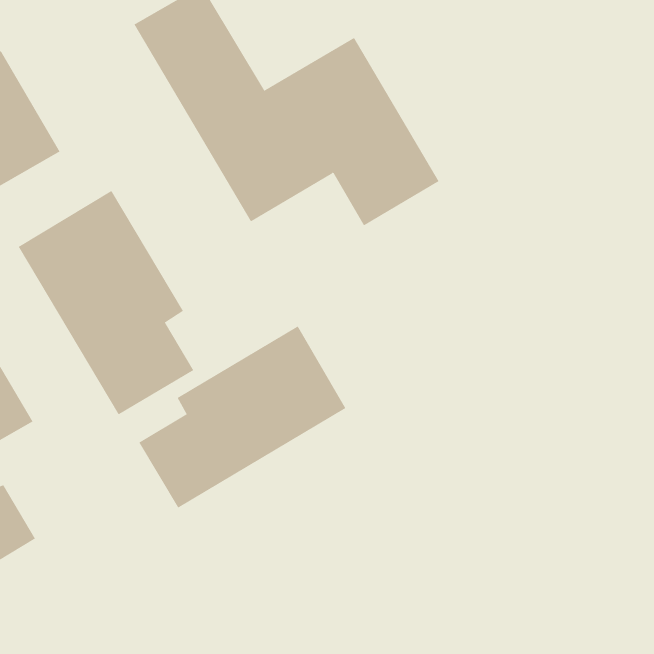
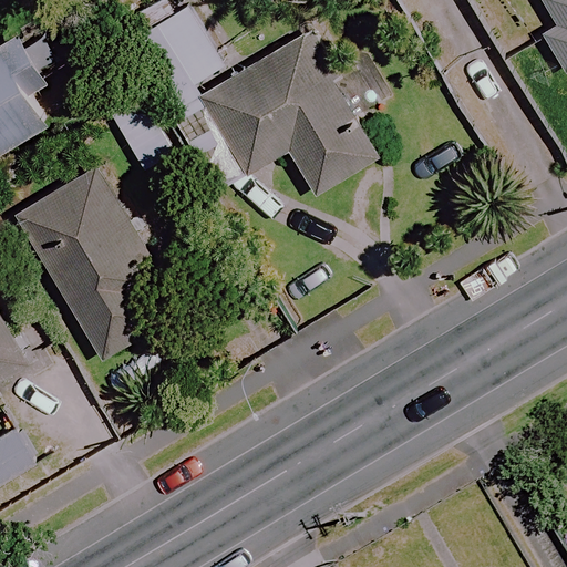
building: [138,326,346,509] -> none

